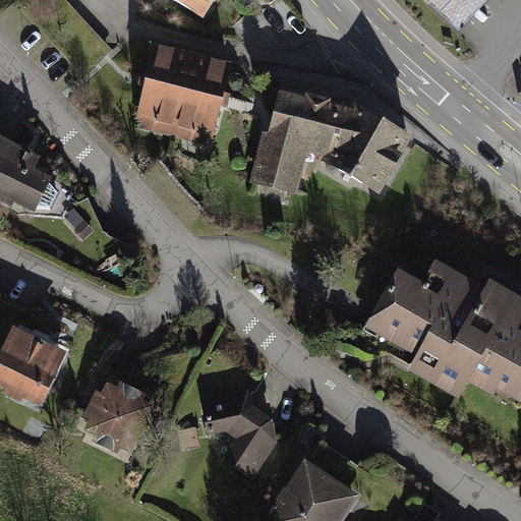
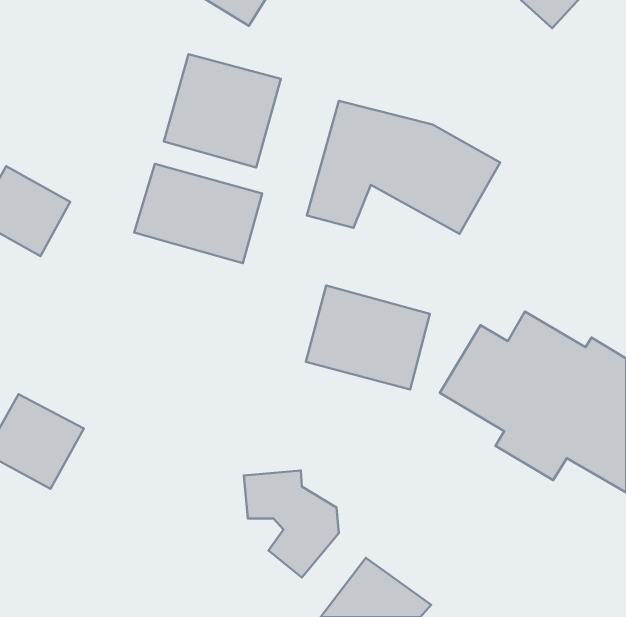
building: none -> [134,164,262,263]
building: none -> [306,286,430,389]
building: [82,377,157,452] -> none

